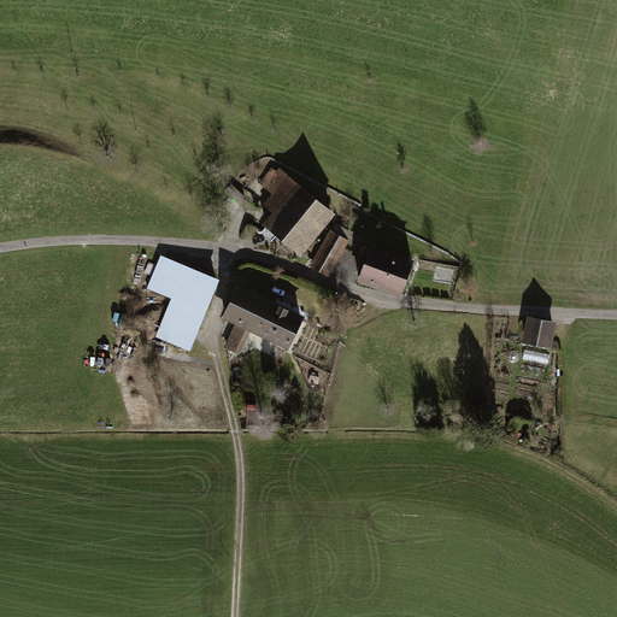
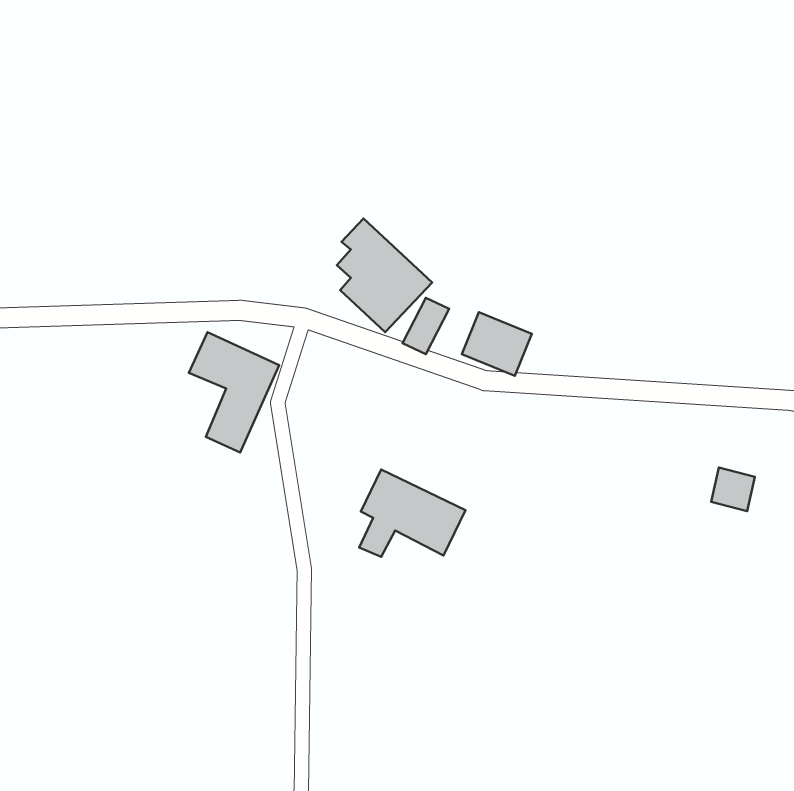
building: [223,286,305,353] -> [359,470,465,557]
building: [522,317,556,351] -> [711,467,755,511]

